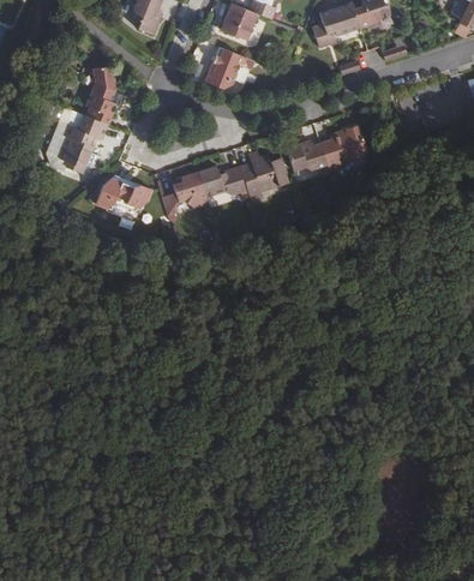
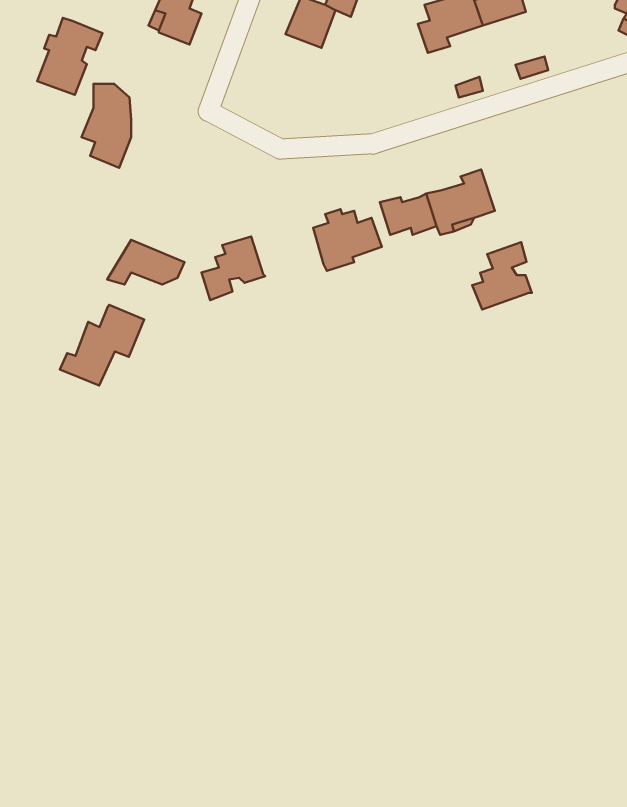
building: [202,48,240,89] -> none
building: [60,113,106,167] -> [37,18,102,95]
building: [198,166,248,198] -> none
building: none -> [472,242,532,309]
building: none -> [60,305,144,386]

